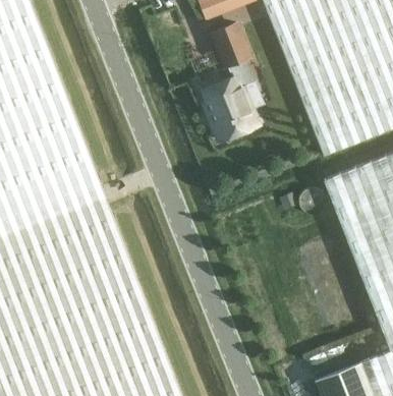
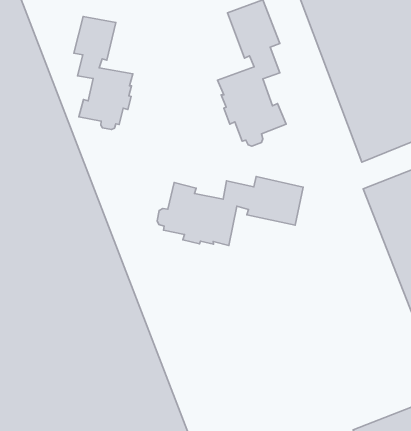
building: none -> [74,17,133,130]
building: none -> [157,176,303,246]

